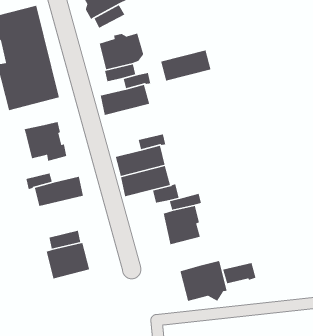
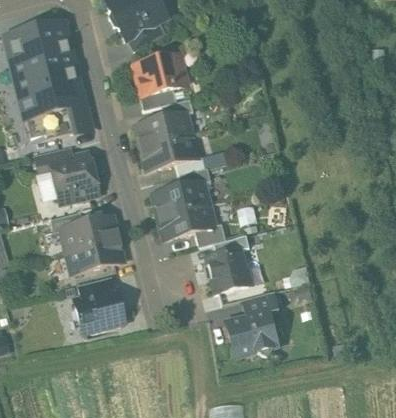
building: [160,50,211,81] -> [139,134,197,170]
building: none -> [34,145,71,172]
building: none -> [65,238,122,273]
building: [222,262,257,284] -> [240,291,279,316]

